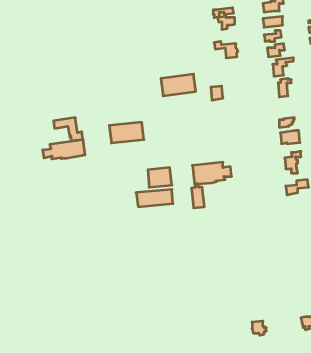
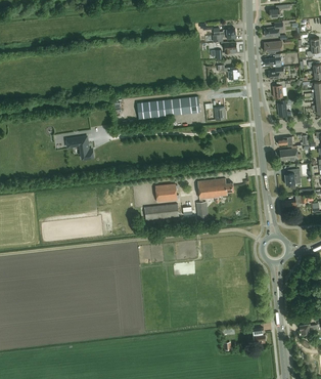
building: [109,122,144,143] -> [137,99,170,119]
building: [43,139,85,159] -> none

